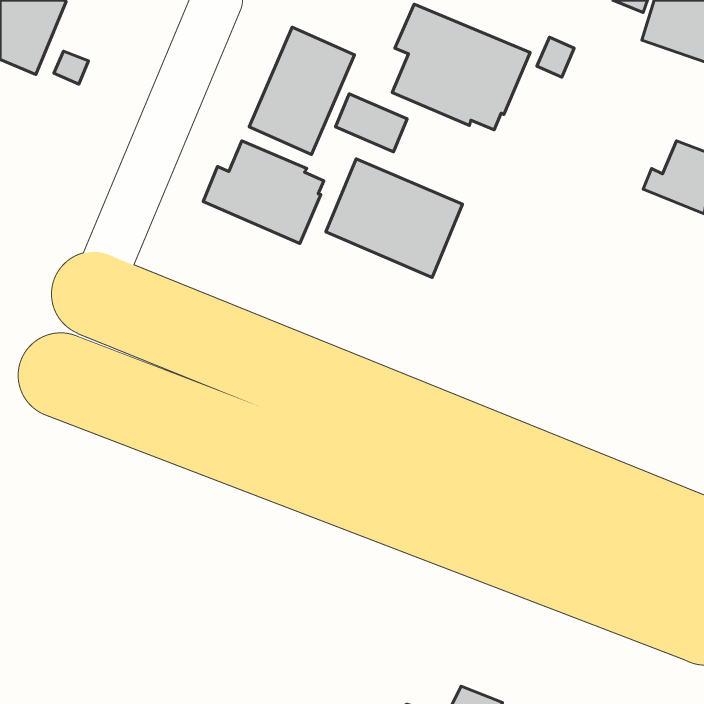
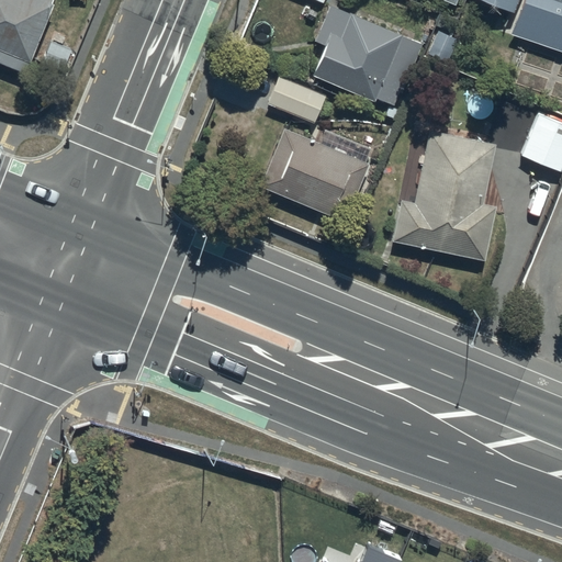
building: [249,27,354,155] -> none
building: [203,141,324,244] -> none
building: none -> [393,131,496,260]

